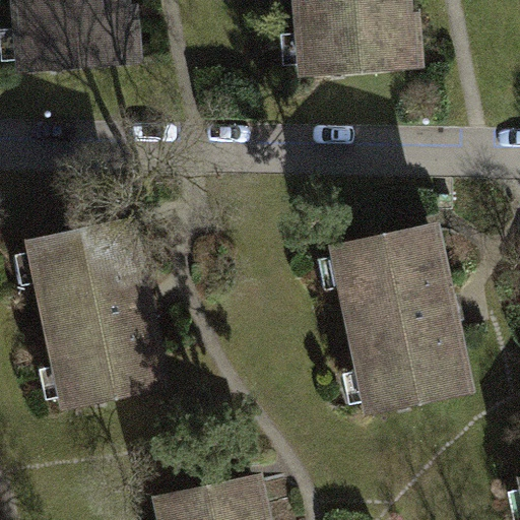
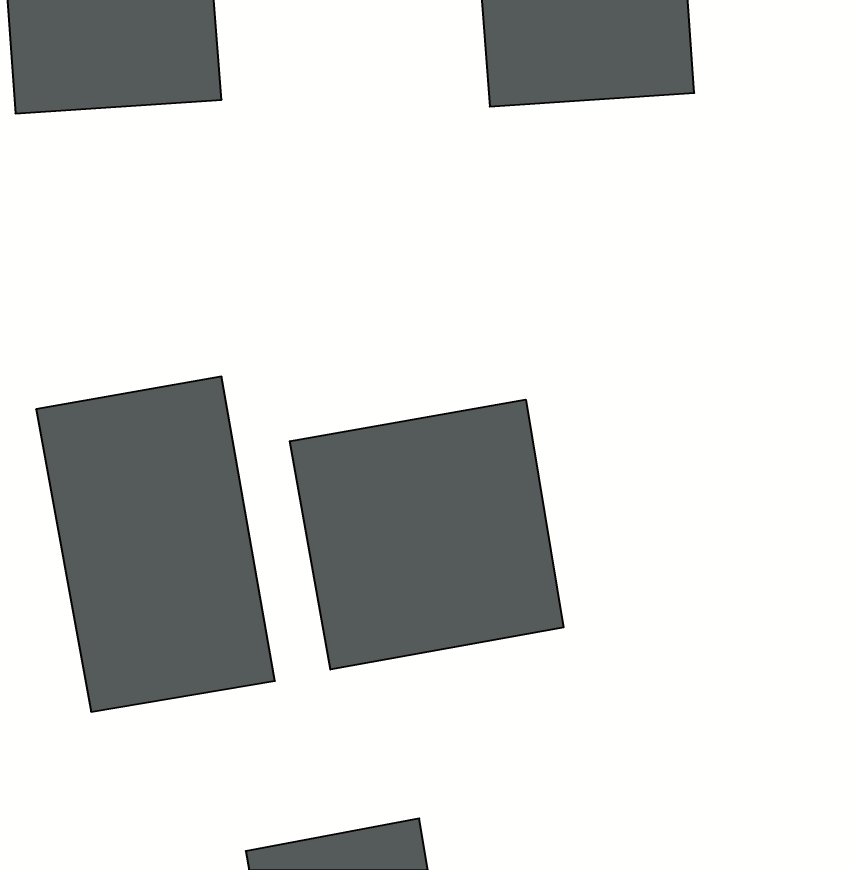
building: [336,219,477,418] -> none
building: none -> [290,400,564,670]

